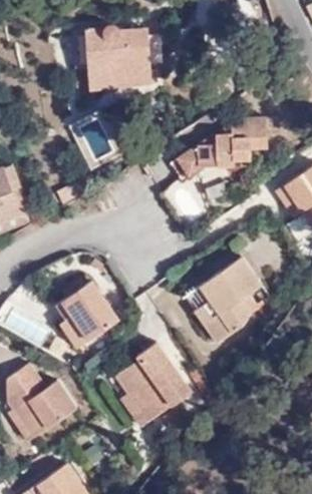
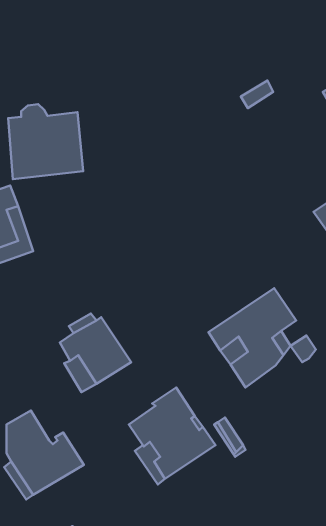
building: [85,26,150,91] -> [8,104,83,179]
building: [171,117,268,179] -> none

